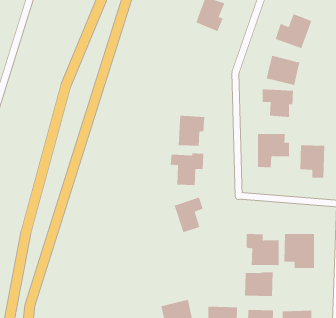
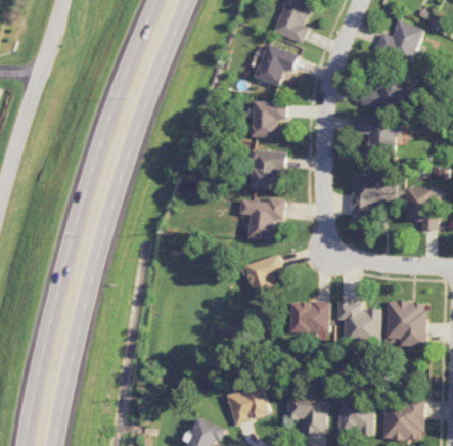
building: none -> [256,44,299,86]
building: none -> [253,101,287,138]
building: [244,272,274,297] -> [291,302,329,333]

